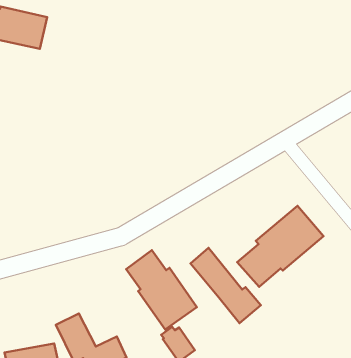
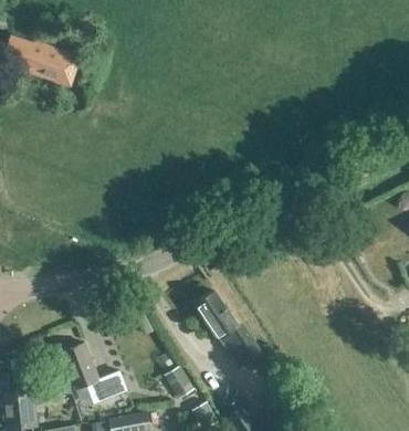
building: [237,206,324,287] -> none
building: [126,250,197,329] -> none

